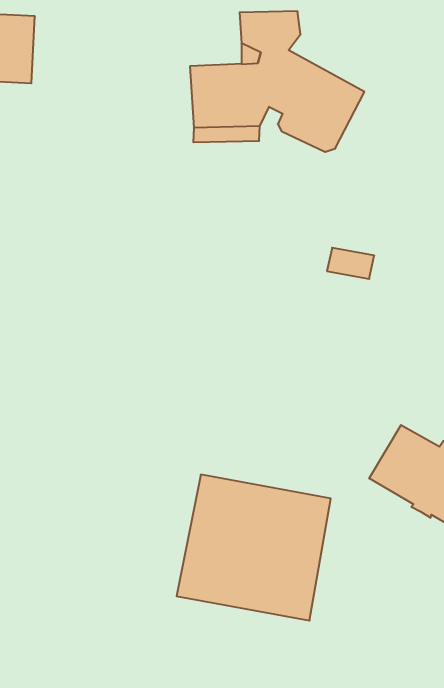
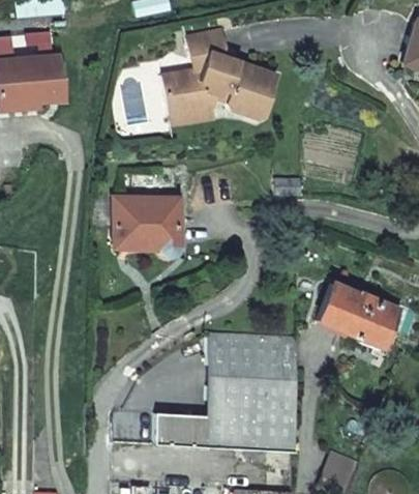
building: none -> [115,196,180,257]
building: none -> [112,411,293,451]

